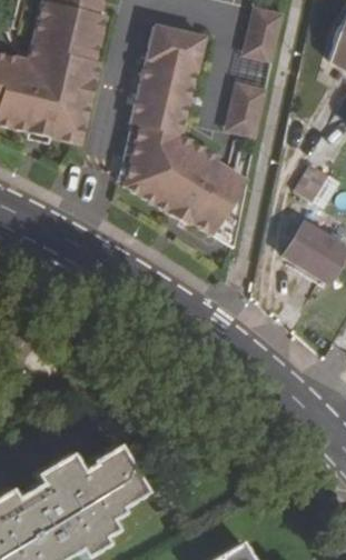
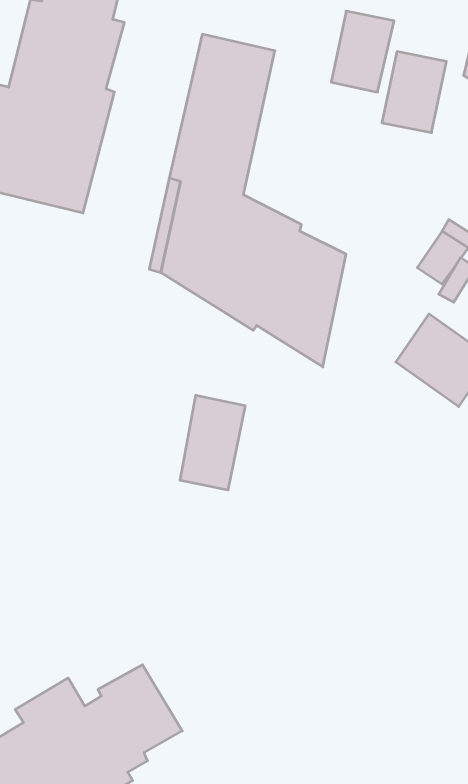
building: [226,86,269,140] -> [382,52,446,133]
building: none -> [180,395,245,490]

